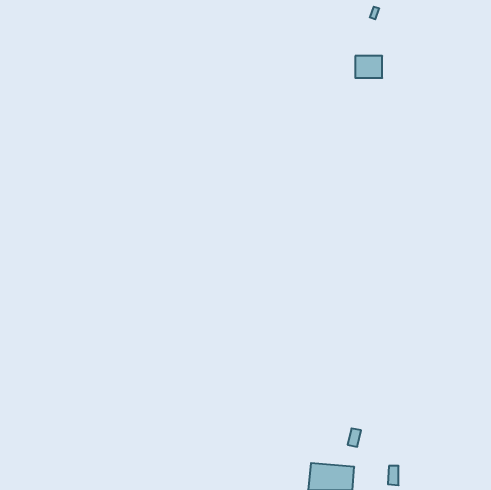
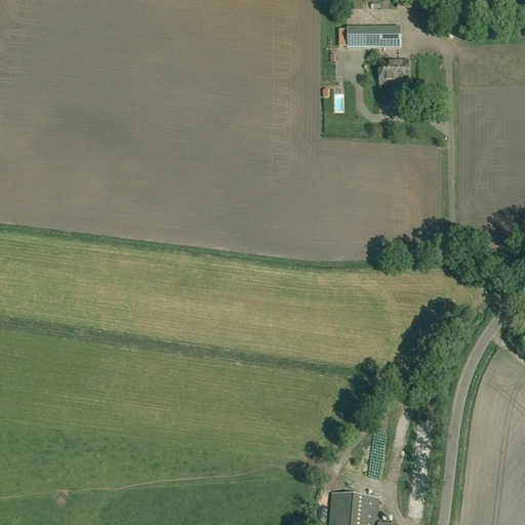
building: none -> [347,27,399,47]

